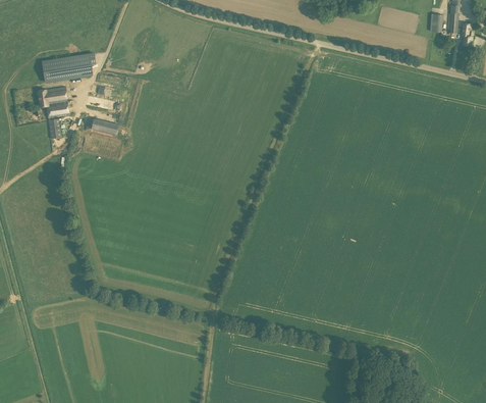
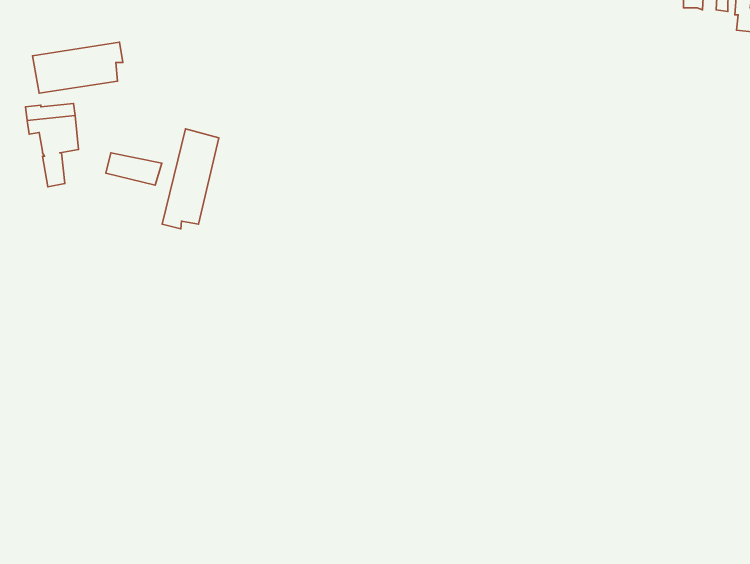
building: none -> [162,129,219,229]

